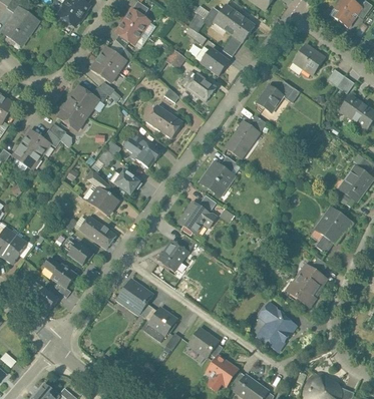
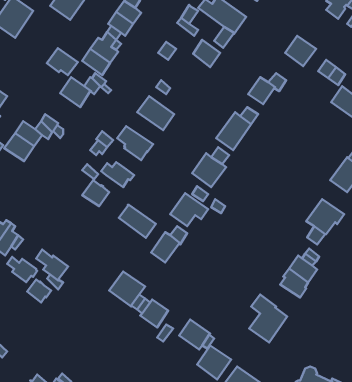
building: [185,73,215,101] -> none
building: [56,101,87,128] -> [47,48,78,75]
building: [78,216,115,249] -> [119,205,156,238]
building: [62,240,92,265] -> [7,257,37,282]

